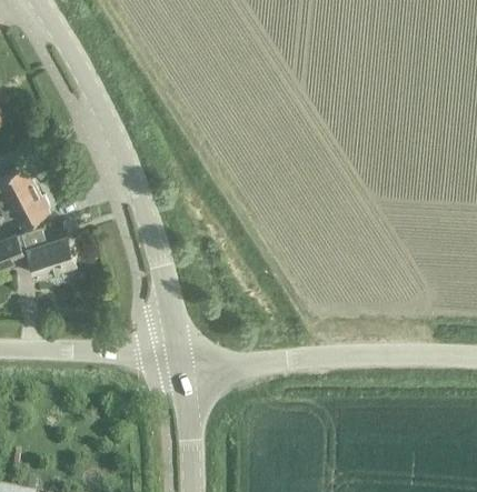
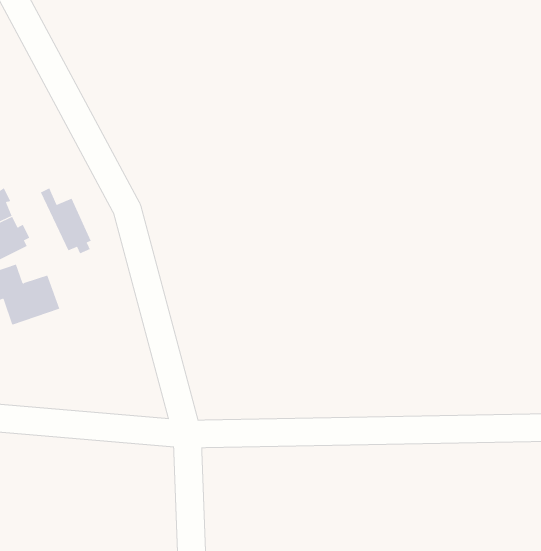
building: none -> [40,187,92,254]

